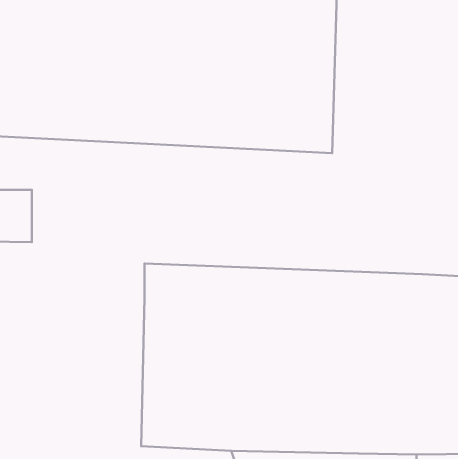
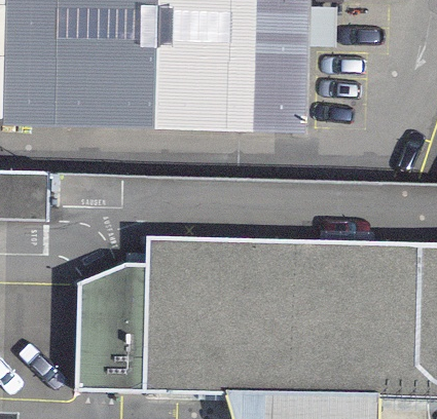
building: none -> [75,262,147,391]

